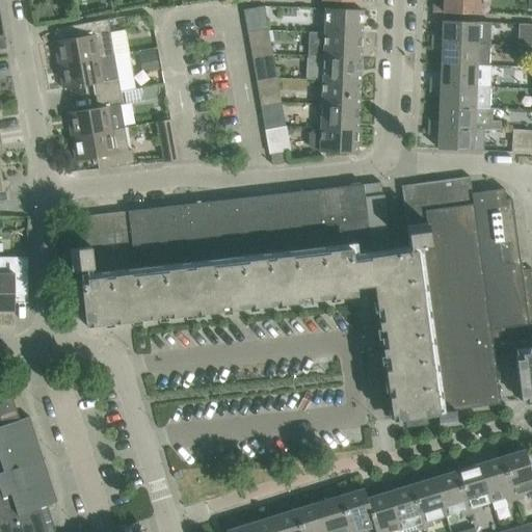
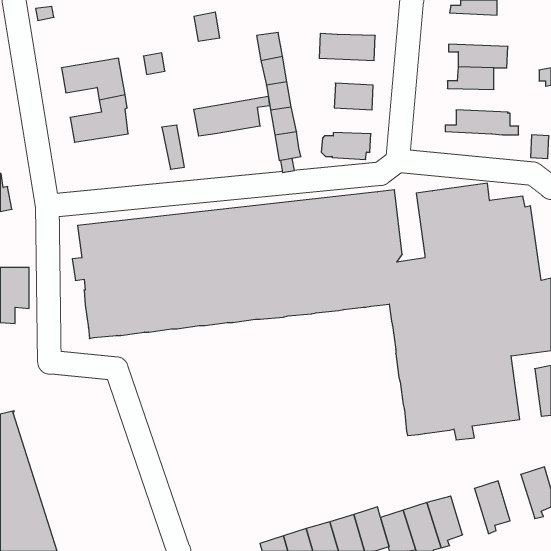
building: [243,6,268,34] -> [194,12,220,41]
building: [325,9,363,34] -> none
building: [55,20,114,65] -> none
building: [432,21,494,45] -> none
building: [307,56,361,82] -> none
building: [430,85,489,108] -> none
building: none -> [194,96,270,136]
building: [321,104,358,129] -> none
building: [429,127,484,152] -> none
building: [72,129,134,169] -> none
building: [480,457,515,503] -> none
building: [434,471,471,516] -> none

